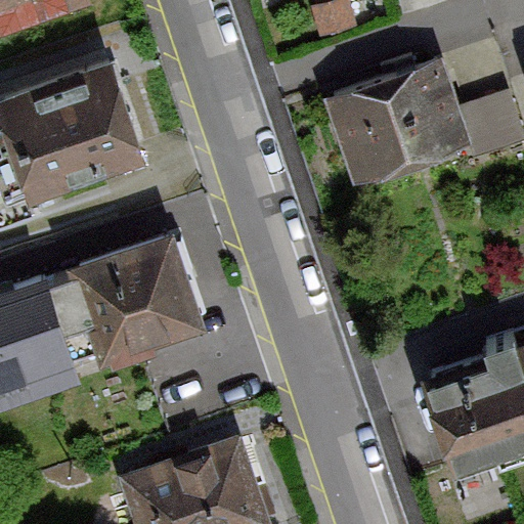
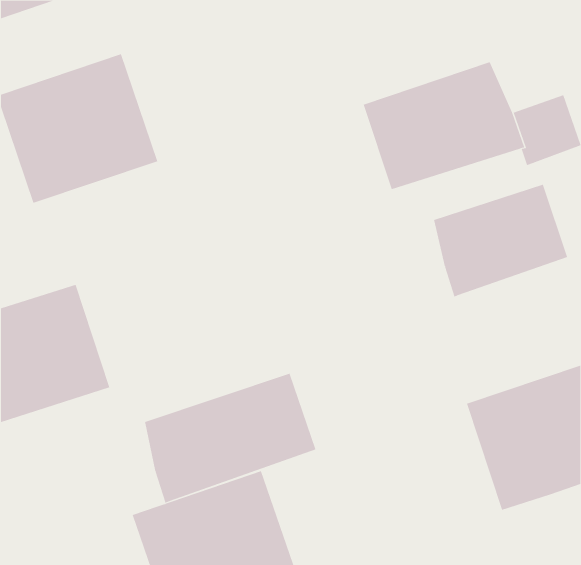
building: none -> [434,184,568,298]
building: [69,235,205,363] -> none
building: none -> [145,373,316,504]

